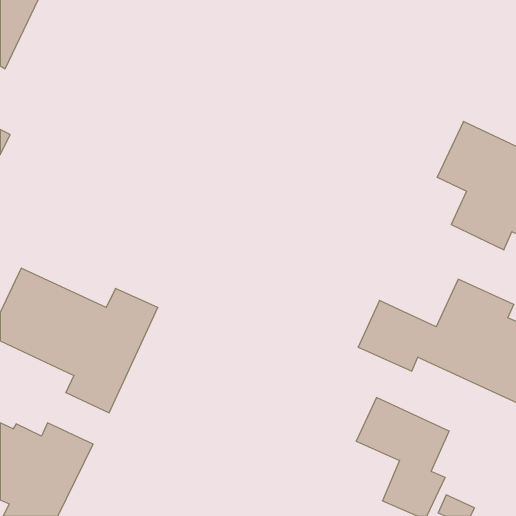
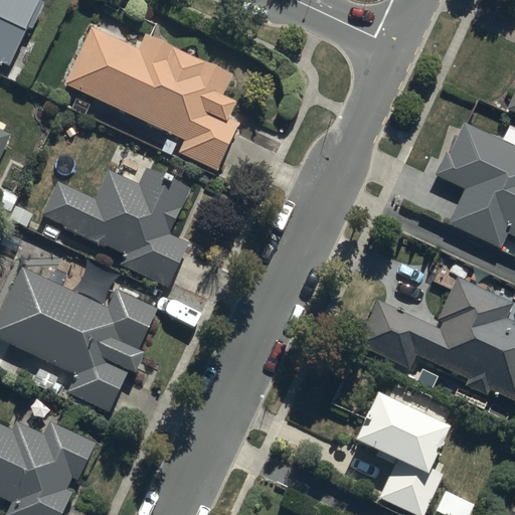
building: none -> [63,24,237,169]
building: none -> [43,167,191,286]

